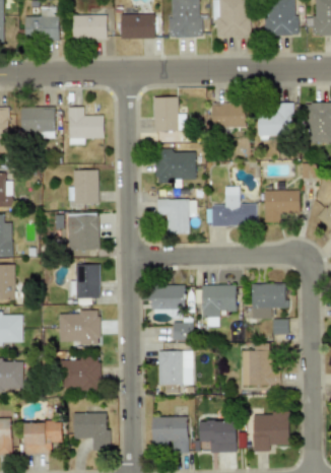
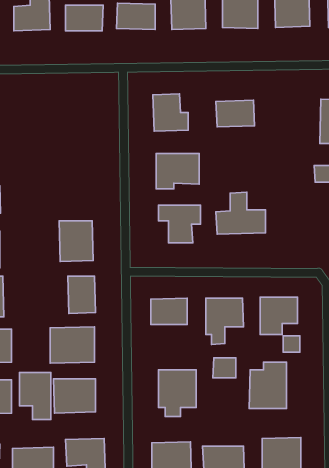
building: [258,103,293,135] -> none
building: [21,107,55,133] -> none
building: [69,107,104,144] -> none
building: [68,170,98,203] -> none
building: [264,190,300,222] -> none
building: [173,322,194,340] -> [213,358,236,378]
building: none -> [19,373,51,420]

